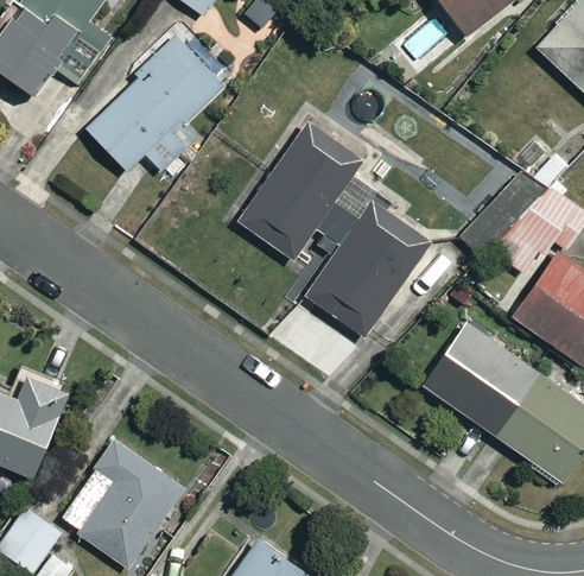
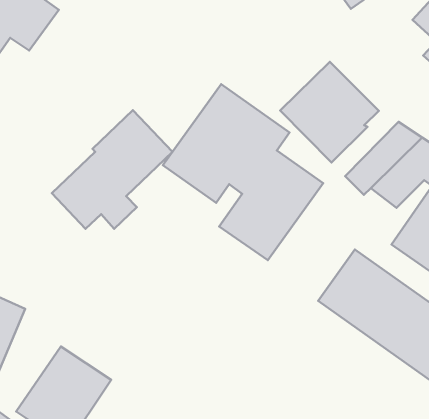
building: [87,29,231,171] -> [52,110,173,229]
building: none -> [280,62,379,162]

